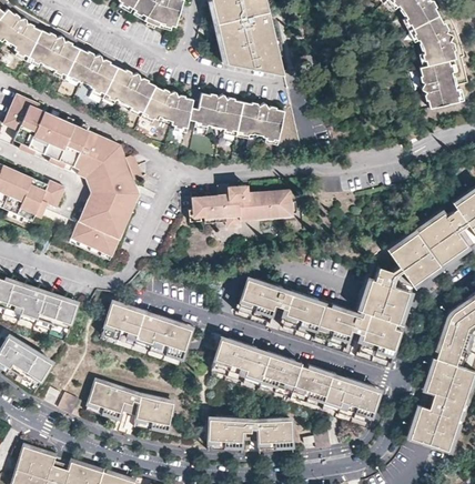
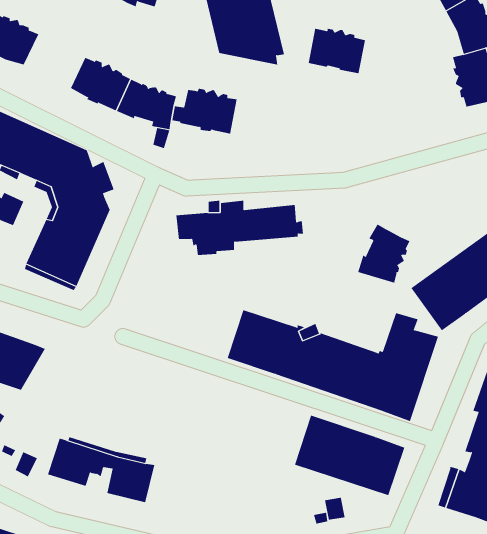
building: [68,48,118,92] -> none
building: [238,101,285,139] -> [308,28,366,74]
building: none -> [358,223,410,284]
building: [101,300,193,366] -> none
building: [212,331,303,402] -> none
building: [206,416,291,451] -> none

